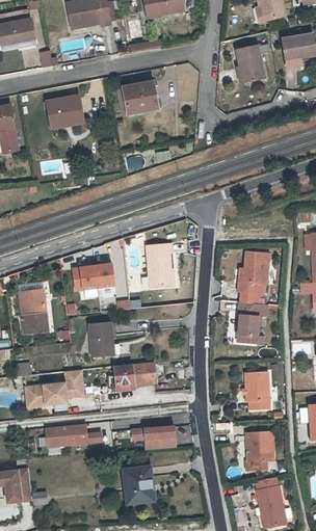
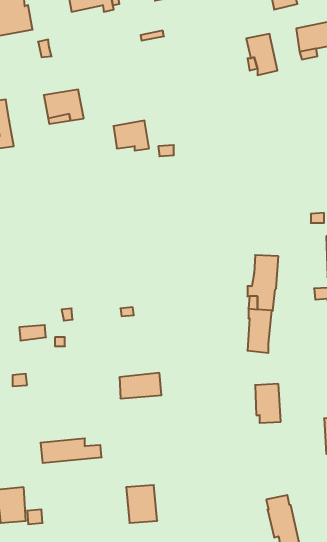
building: [125,85,158,113] -> [113,121,149,151]
building: [143,244,172,289] -> none
building: [70,261,112,290] -> none
building: [21,290,48,320] -> none
building: [91,322,116,357] -> none
building: [24,369,83,405] -> none
building: [129,424,174,449] -> none
building: [244,432,272,470] -> none

